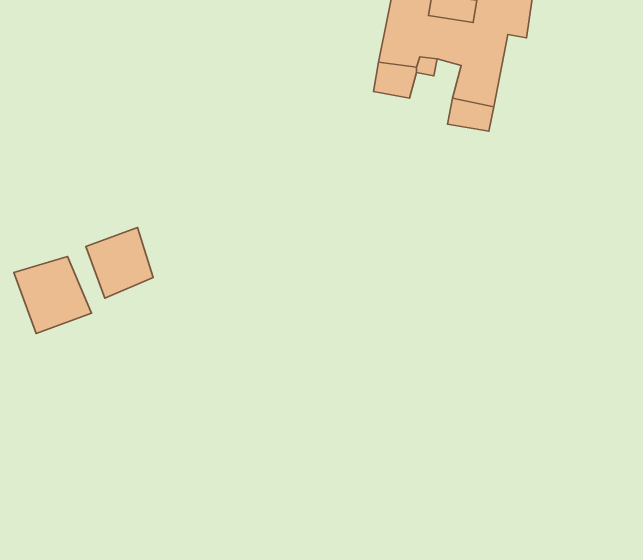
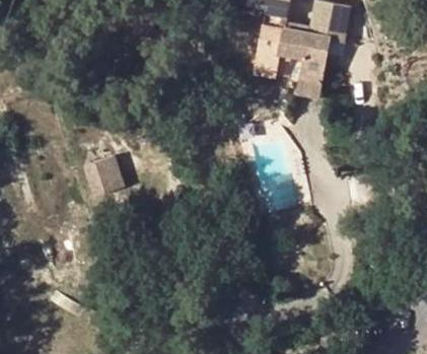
building: [14,256,91,333] -> none

